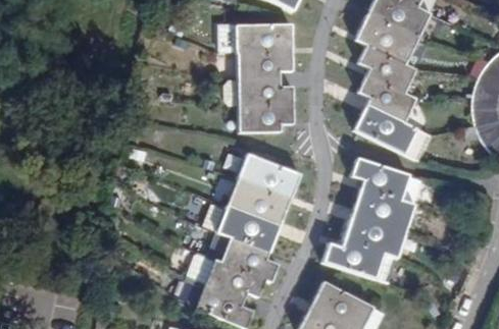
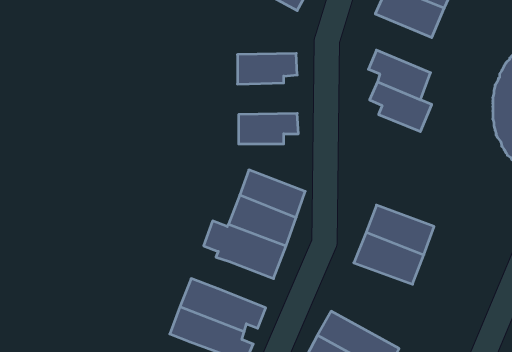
building: [352,14,414,63] -> none
building: [222,22,292,51] -> none
building: [227,76,293,105] -> none
building: [356,105,433,158] -> none
building: [354,157,426,206] -> none
building: [221,237,278,280] -> none
building: [322,238,397,284] -> none

